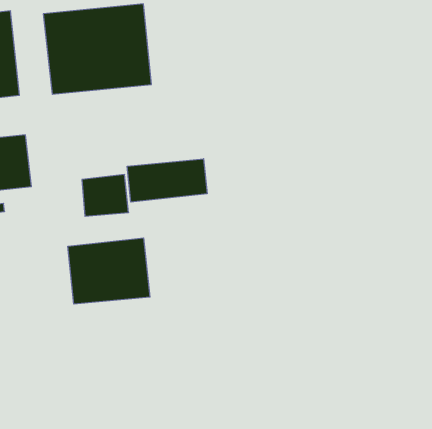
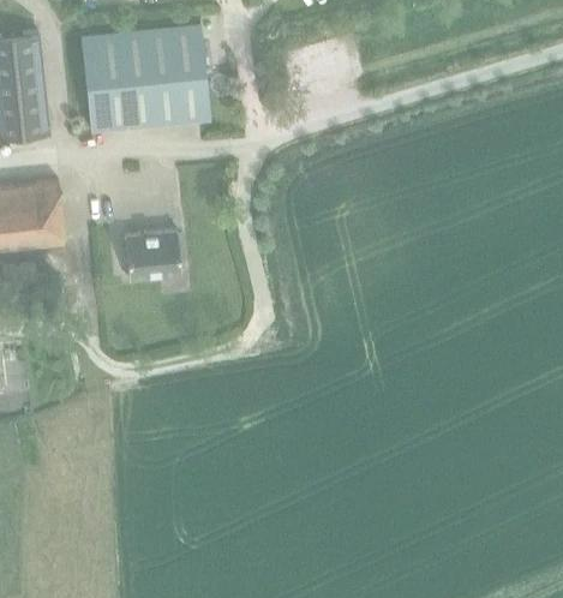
building: [127,159,207,202] -> none
building: [68,238,150,304] -> none

